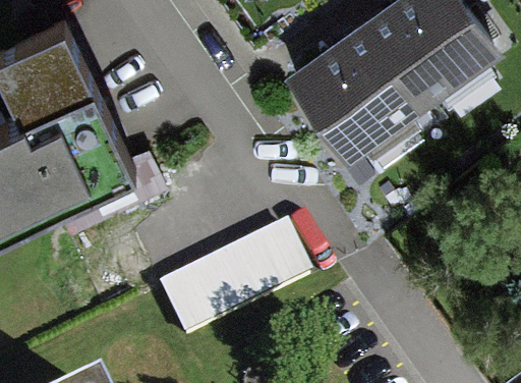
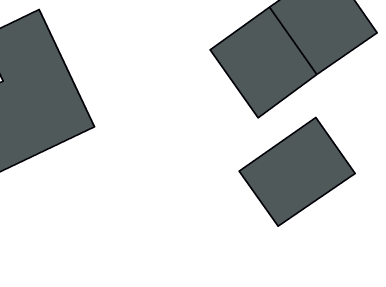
building: none -> [239,118,355,226]
building: [155,229,303,340] -> none

